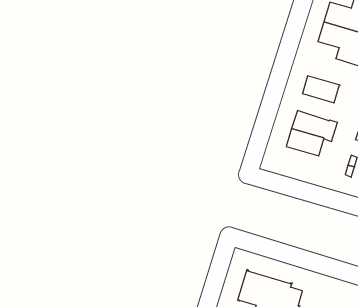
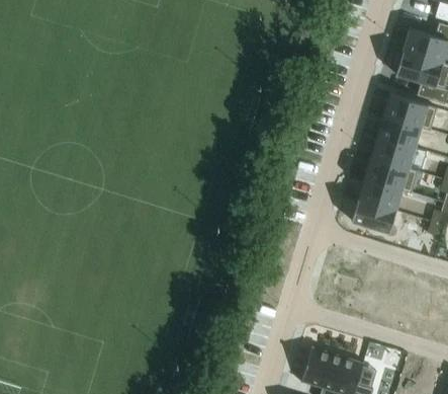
building: none -> [384,92,439,130]
building: none -> [372,136,416,168]
building: none -> [353,199,397,232]

